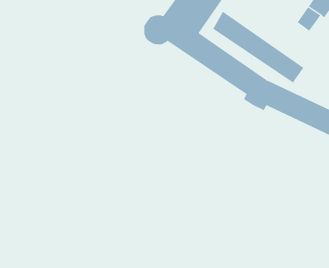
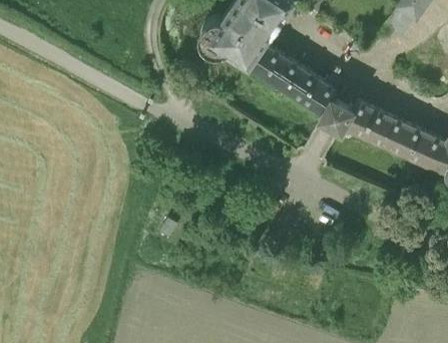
building: [212,11,304,84] -> none

